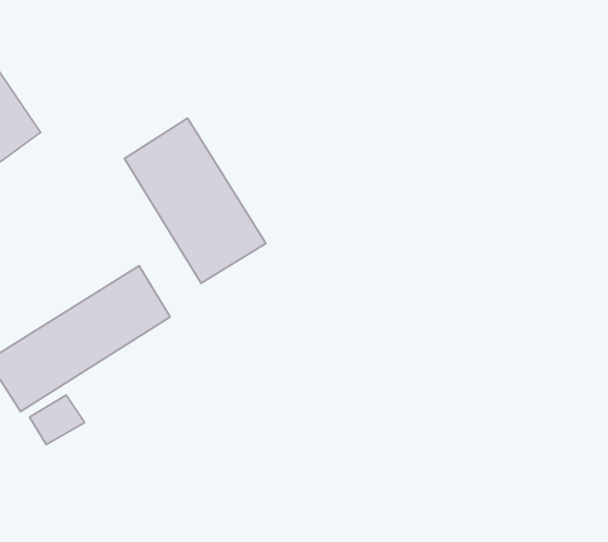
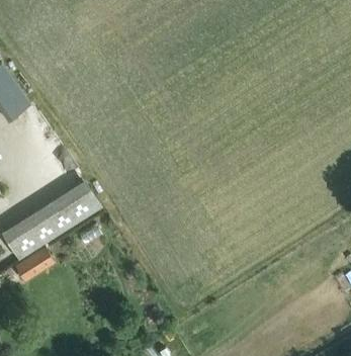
building: [124,118,266,283] -> none

